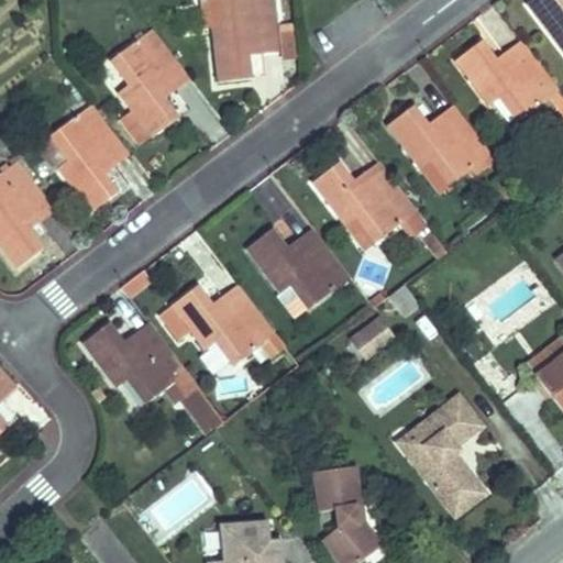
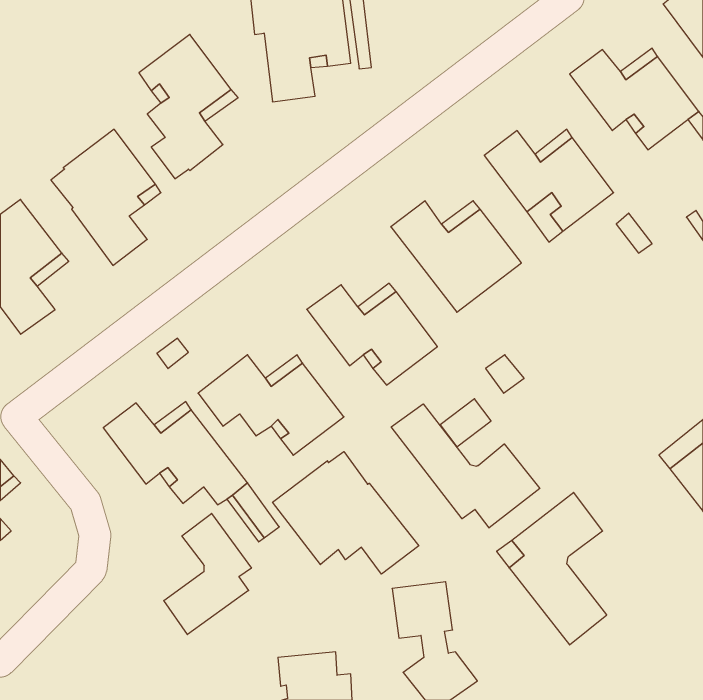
building: none -> [391,404,540,528]
building: none -> [273,452,419,574]
building: none -> [164,513,251,635]

